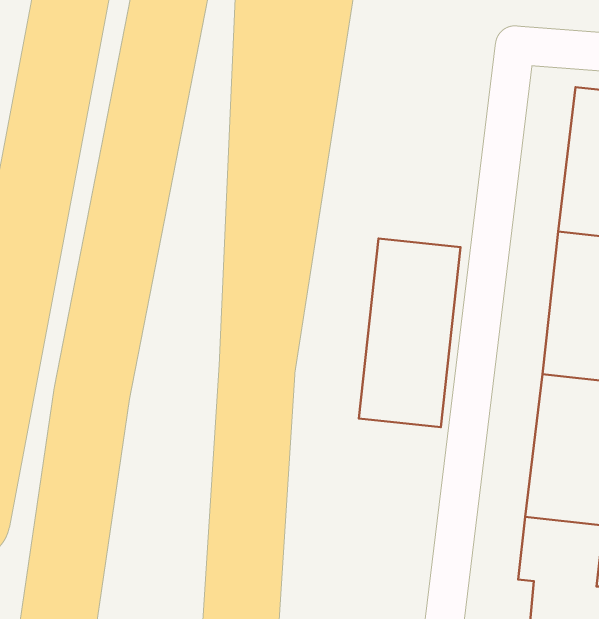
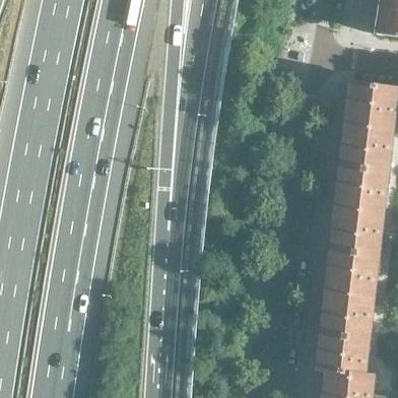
building: [359,238,461,427] -> none

